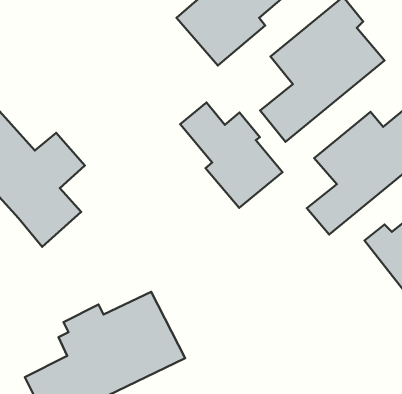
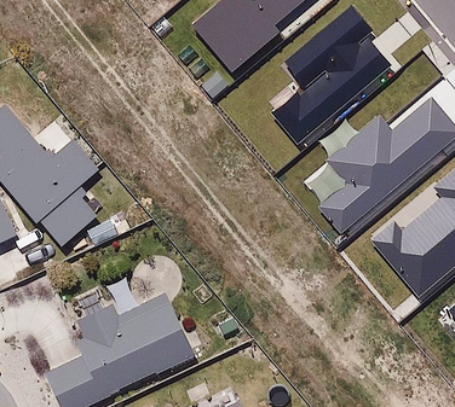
building: [180,103,282,208] -> none

